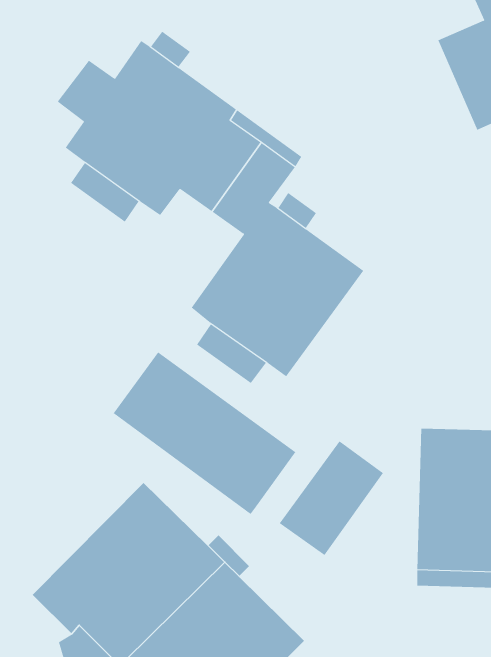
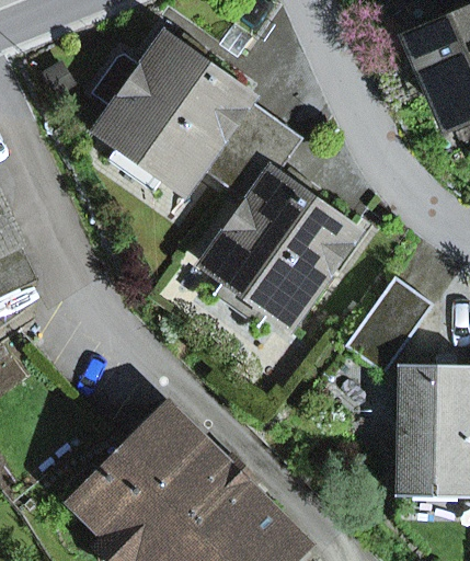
building: [113,351,296,515] -> none
building: [279,440,384,556] -> [346,277,434,374]

